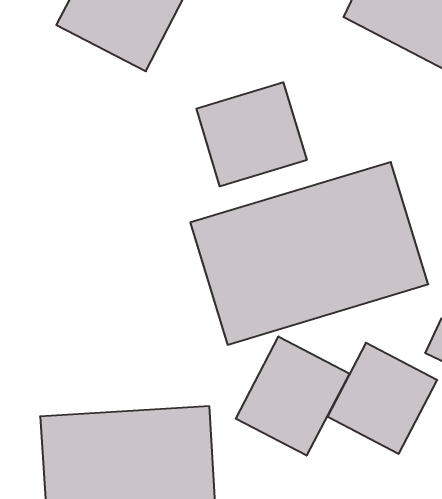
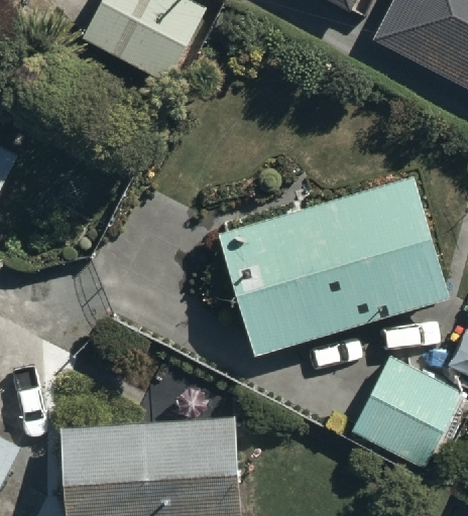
building: [196,82,307,186] -> none
building: [236,336,349,456] -> none

